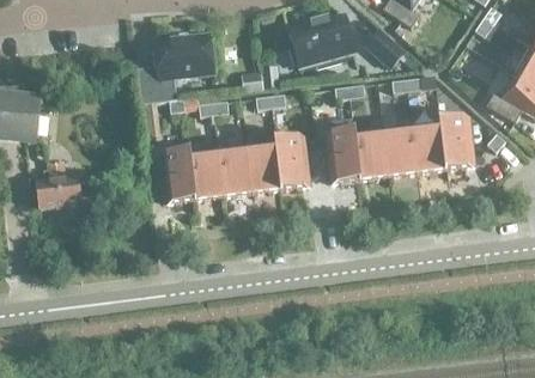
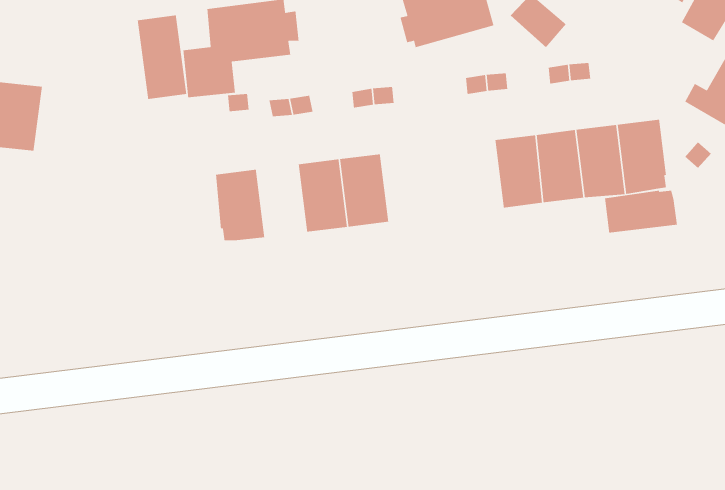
building: none -> [137,14,187,100]
building: [323,130,359,182] -> none
building: [274,136,309,188] -> none
building: [188,147,223,199] -> none
building: [34,159,93,209] -> none
building: none -> [604,190,678,234]

